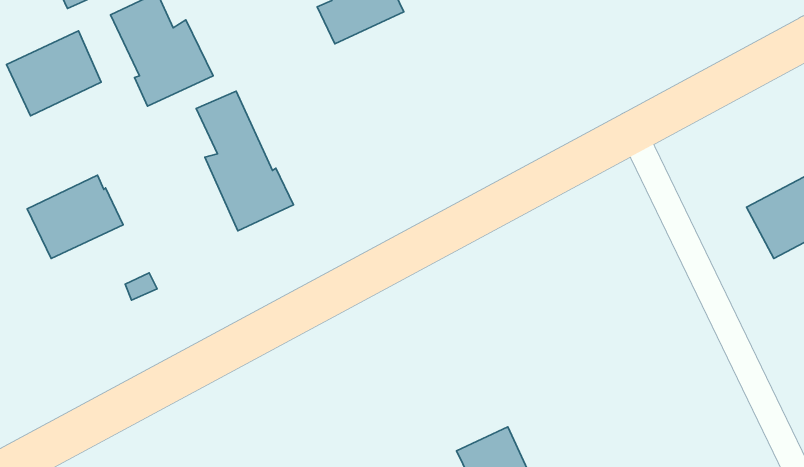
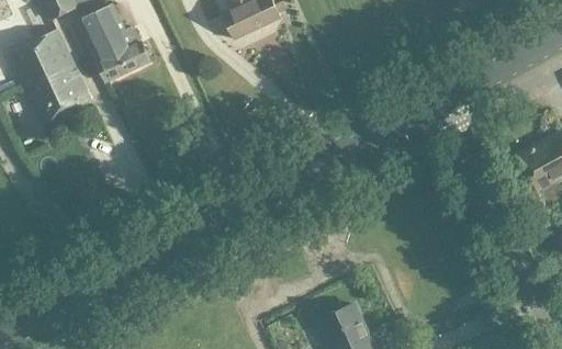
building: [196,91,293,231] -> none
building: [27,175,123,258] -> [26,67,92,124]

